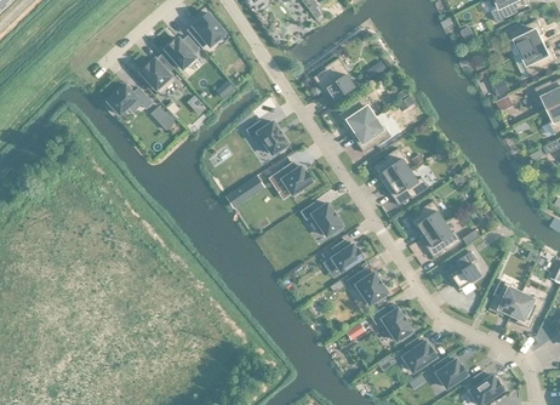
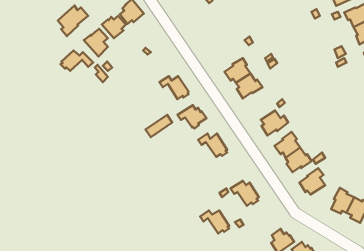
building: none -> [58,6,88,36]
building: [313,58,354,99] -> none
building: [373,148,410,183] -> none
building: [332,240,362,272] -> none
building: [371,308,412,341] -> [200,210,229,234]

